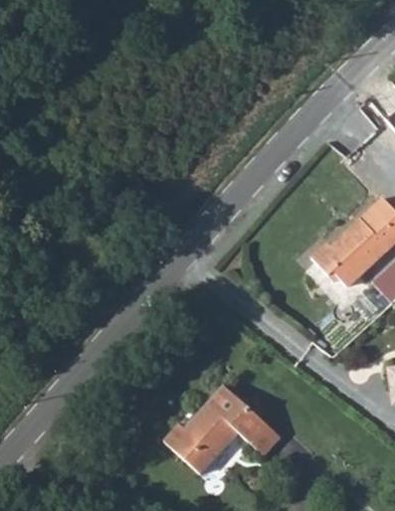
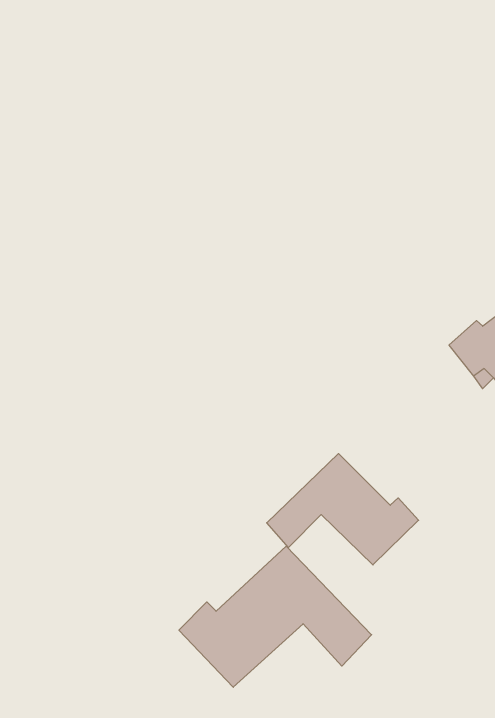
building: none -> [267,454,419,565]

